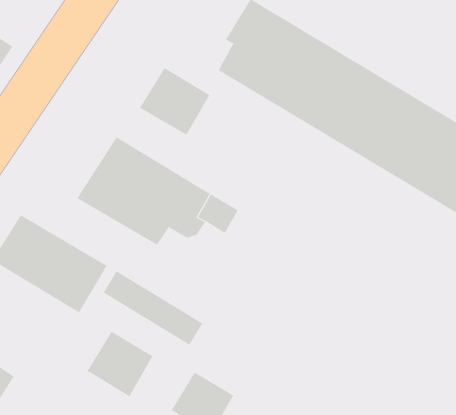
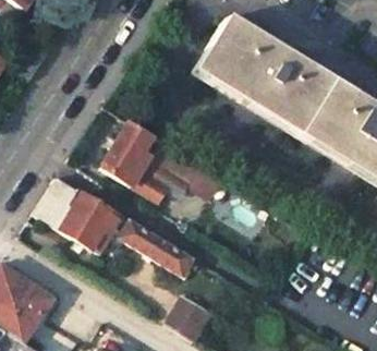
building: [139,67,210,135] -> none
building: [87,331,153,397] -> none

